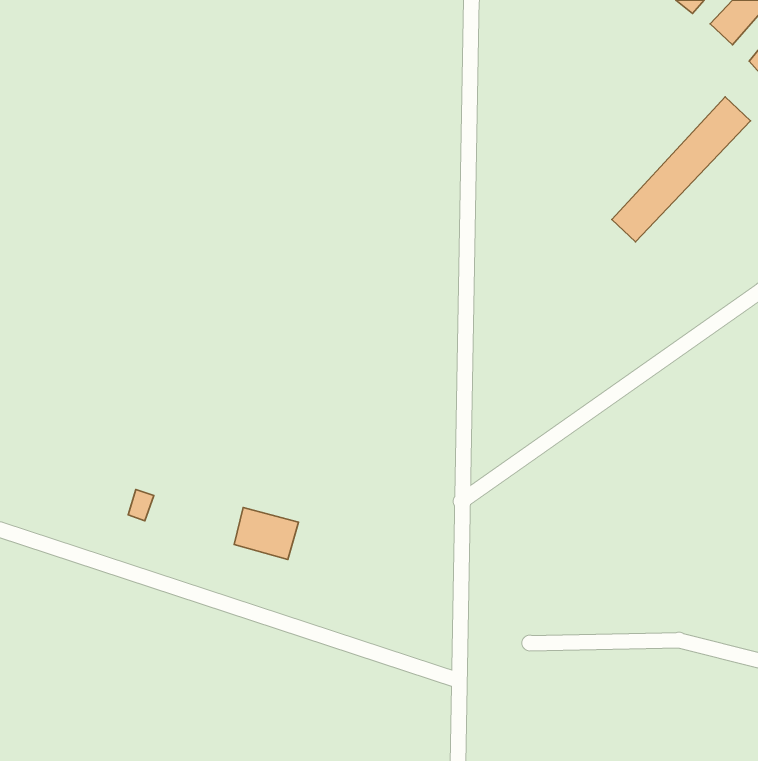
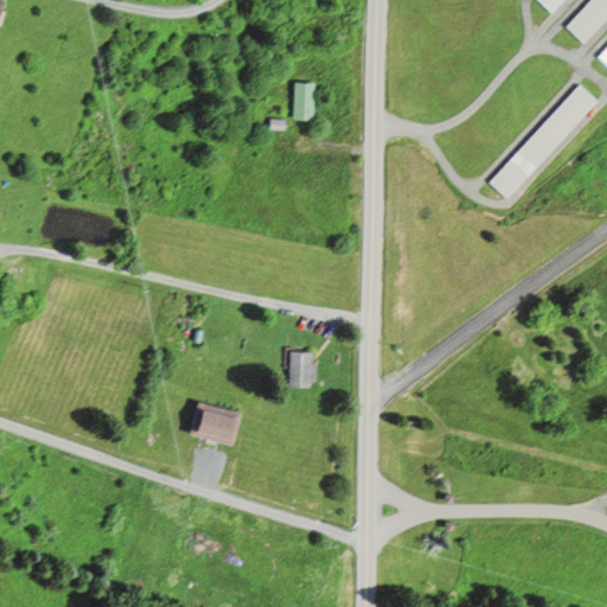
building: none -> [294,82,315,120]
building: none -> [289,352,315,388]

